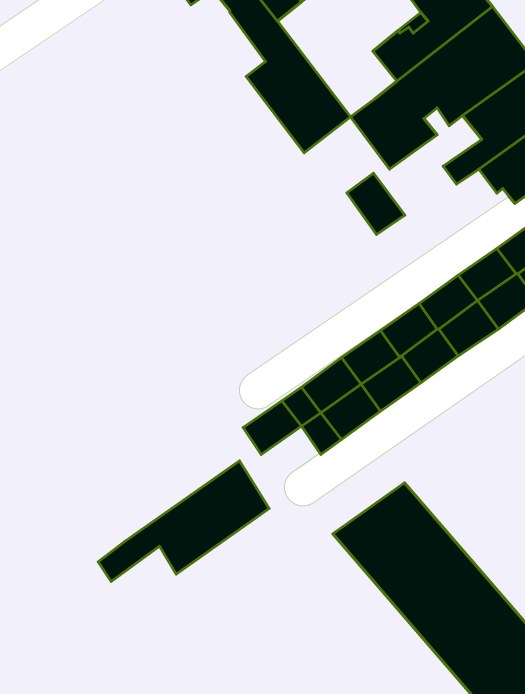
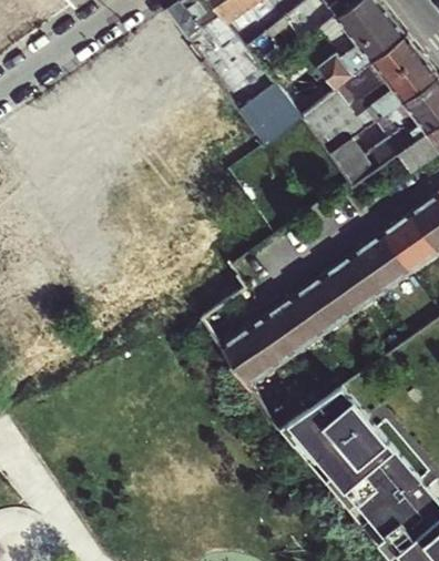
building: [347,173,405,235] -> [327,141,370,186]
building: none -> [232,346,276,388]
building: [98,461,269,581] -> none

